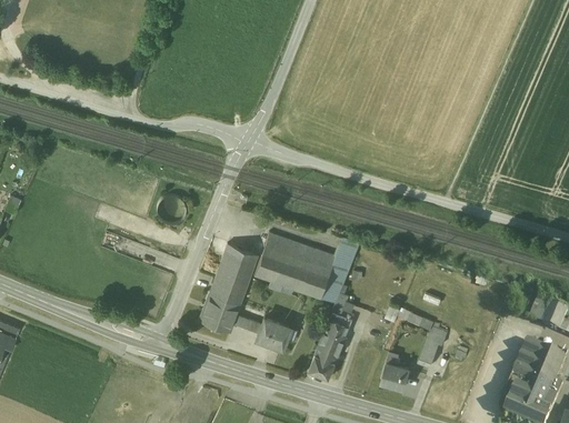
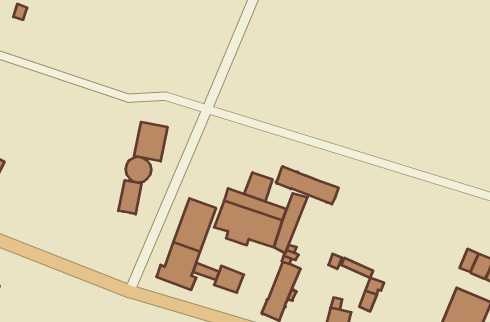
building: none -> [134,122,167,161]
building: none -> [276,166,338,204]
building: none -> [244,172,272,202]
building: none -> [118,180,141,214]

